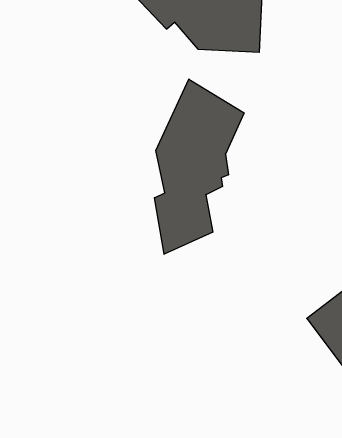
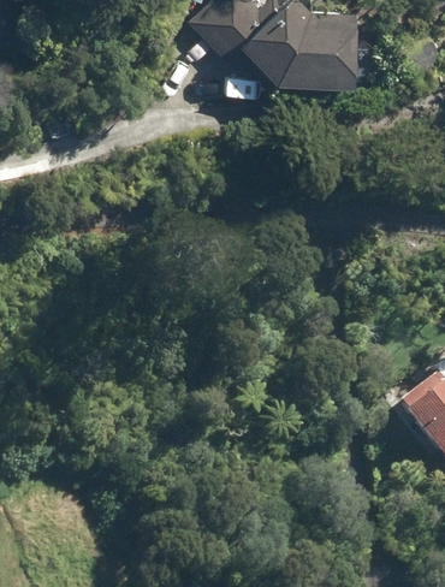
building: [154,79,244,254] -> none

